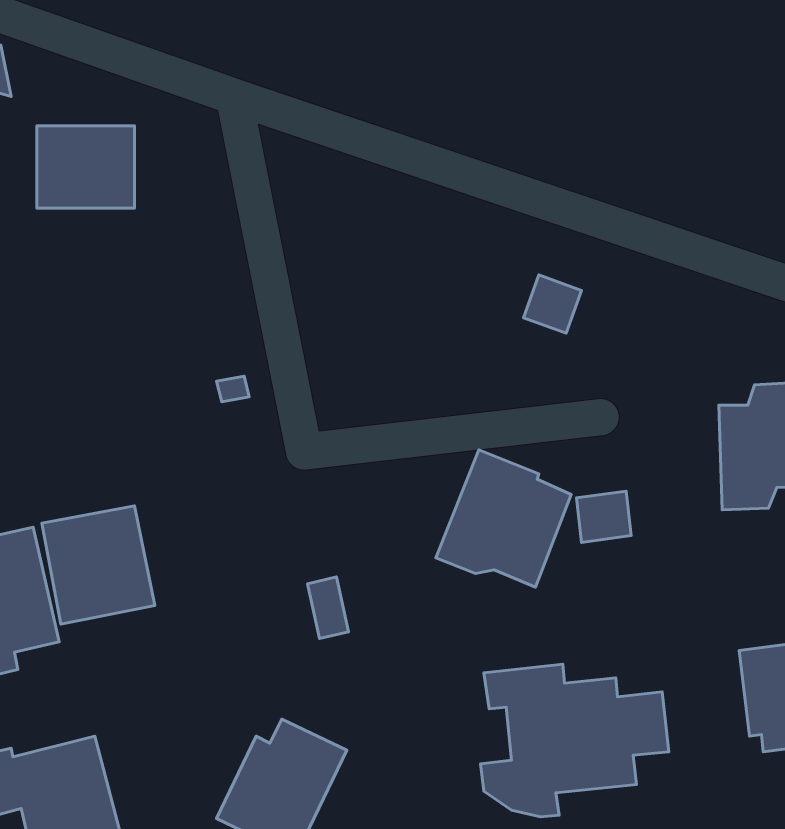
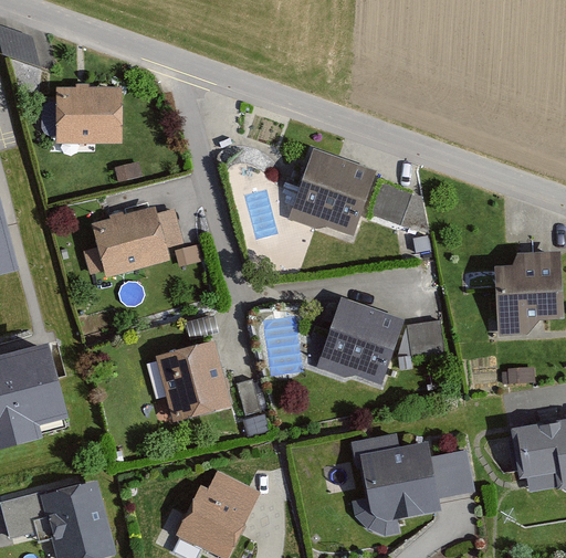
building: none -> [287,149,375,238]
building: none -> [82,206,178,276]
building: [42,506,155,624] -> [158,344,231,420]

